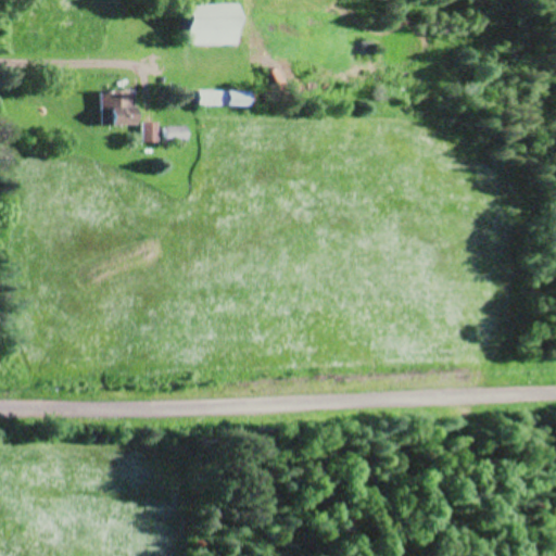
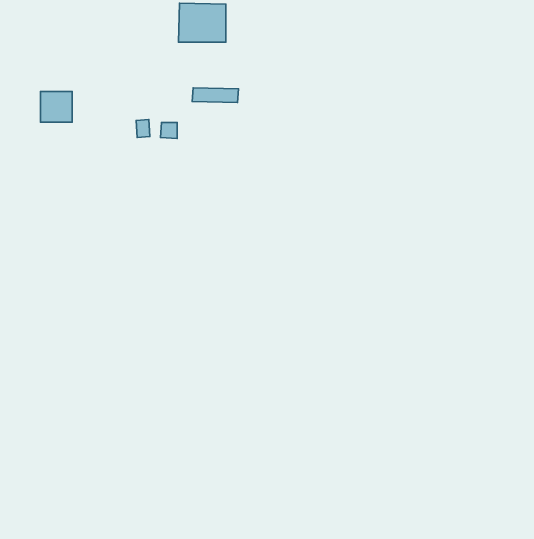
building: [105,92,138,124] -> [41,91,72,122]

